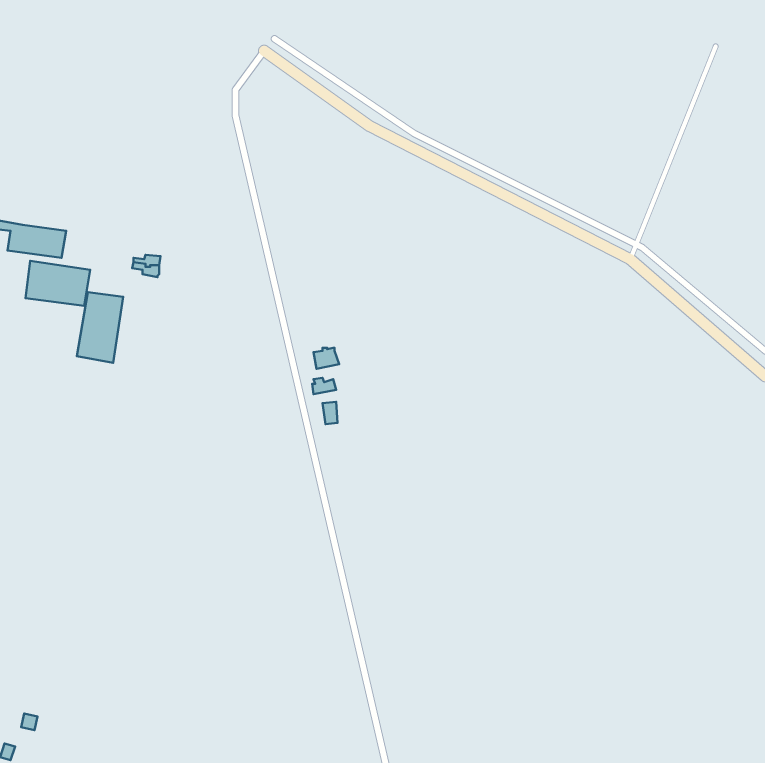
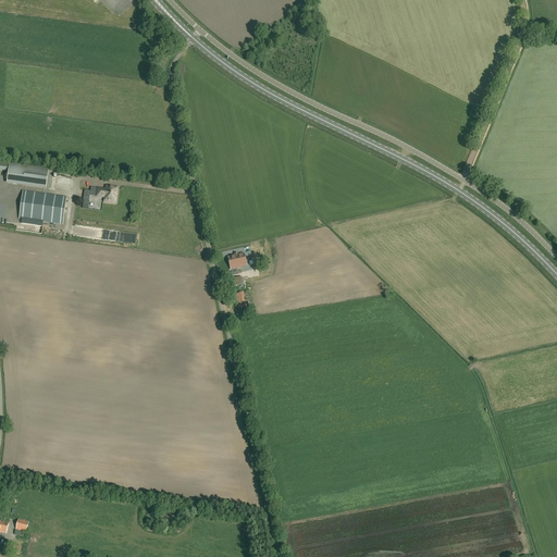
building: [77,292,123,363] -> none

